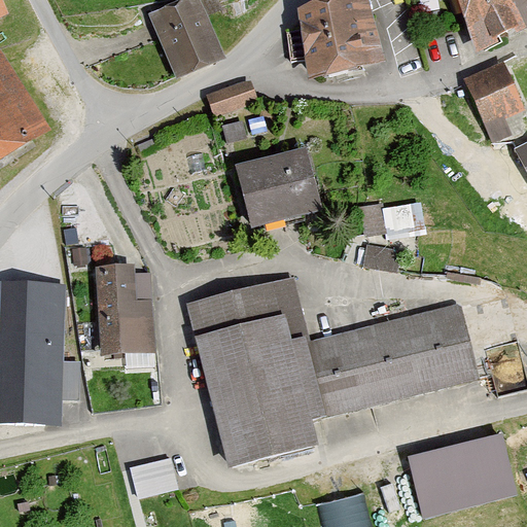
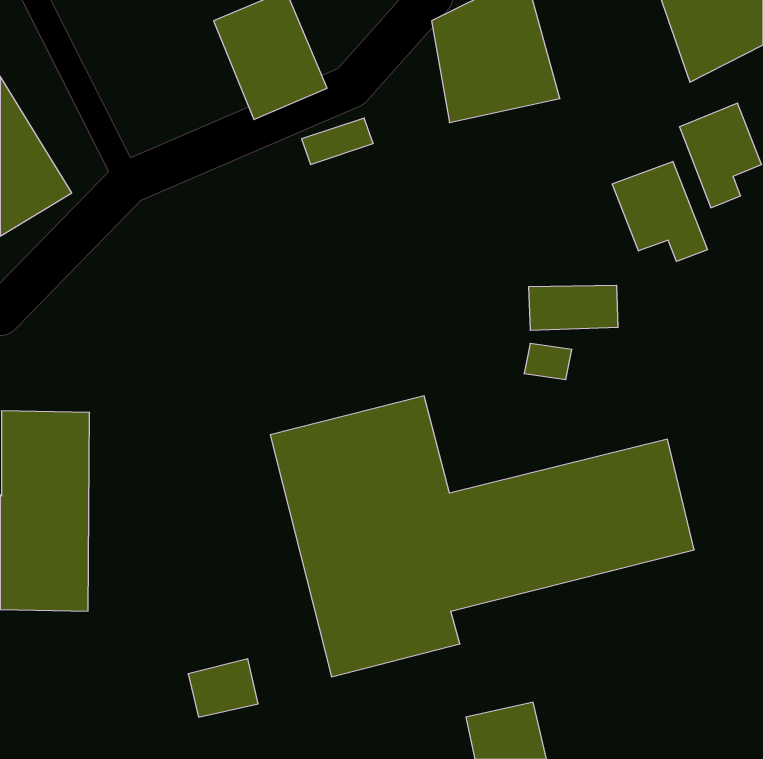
building: none -> [612,161,707,261]
building: [236,150,322,233] -> none
building: [93,266,155,354] -> none
building: [410,432,517,516] -> none

